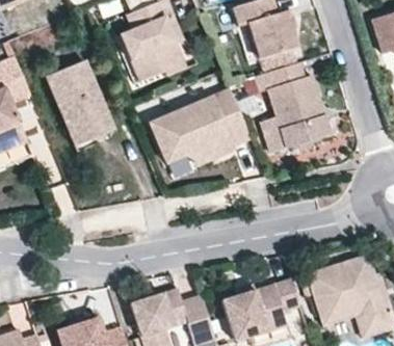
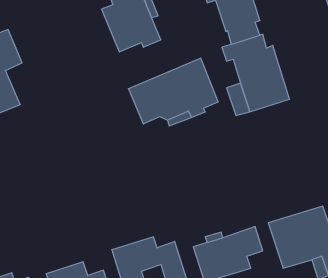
building: [46,59,114,145] -> none

